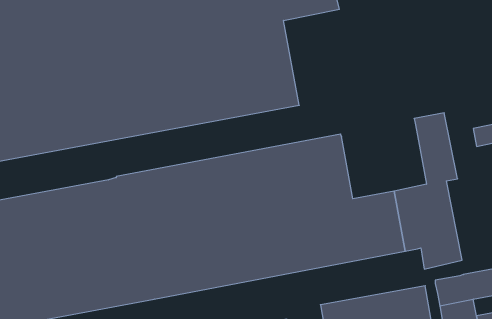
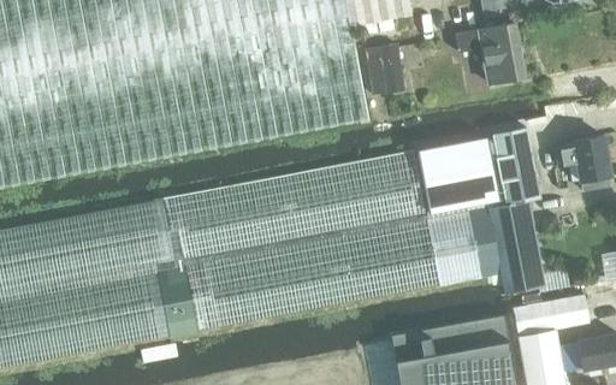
building: none -> [456,25,522,84]
building: none -> [363,43,405,97]
building: none -> [416,137,499,212]

